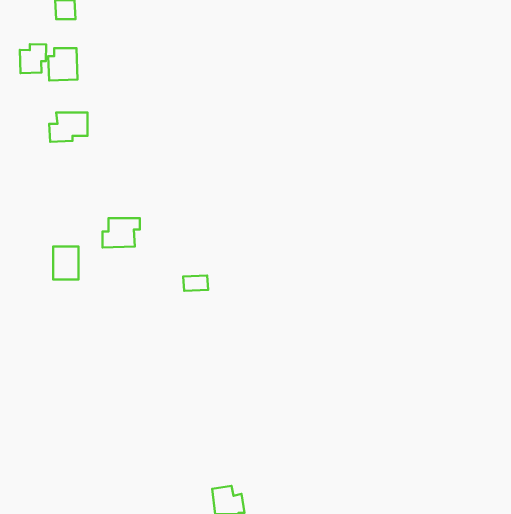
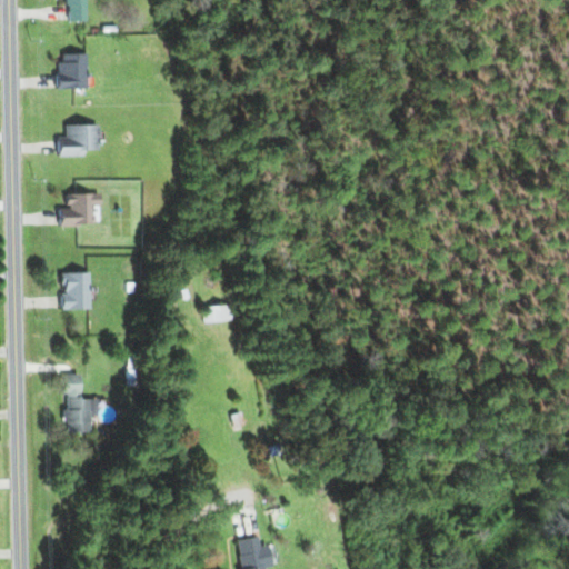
building: [20,44,46,73] -> none
building: [102,218,140,247] -> [60,193,101,226]
building: none -> [64,373,98,432]

